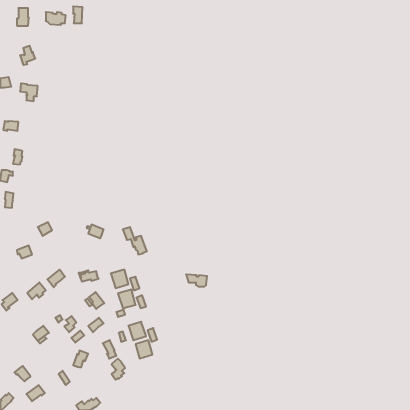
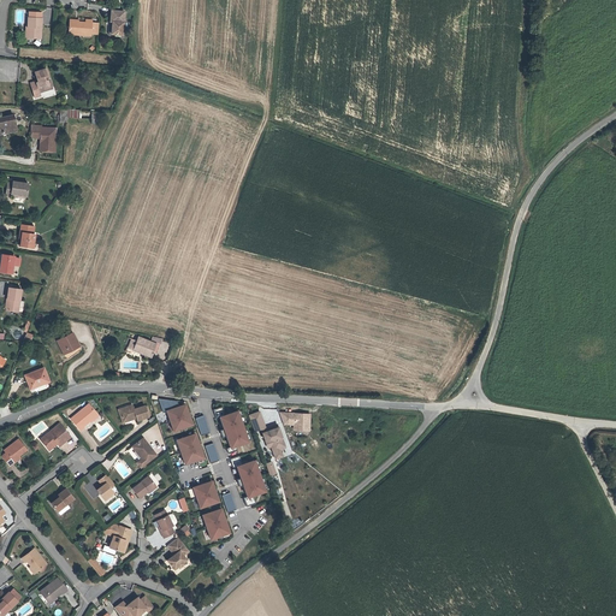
building: [123,227,147,254] -> [248,410,284,451]
building: none -> [219,411,249,450]
building: none -> [237,461,267,498]

